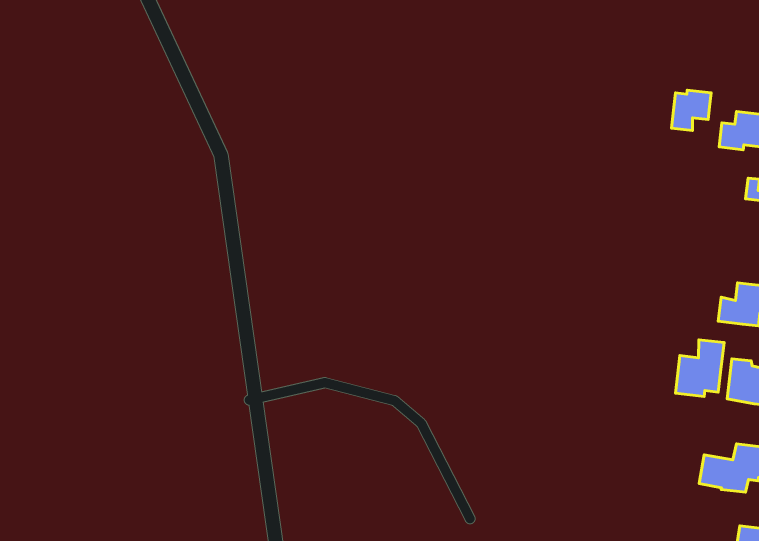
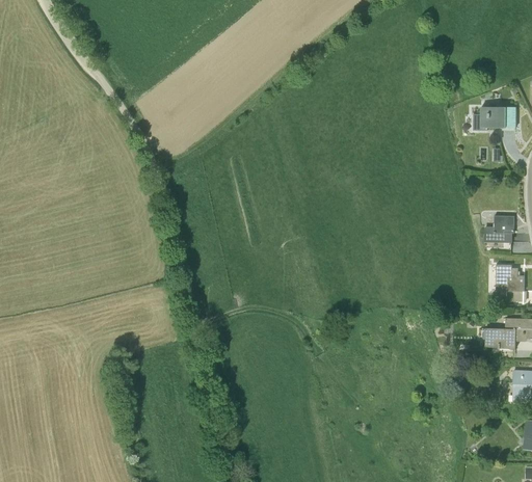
building: [671,90,711,131] -> none
building: [675,340,724,396] -> none

